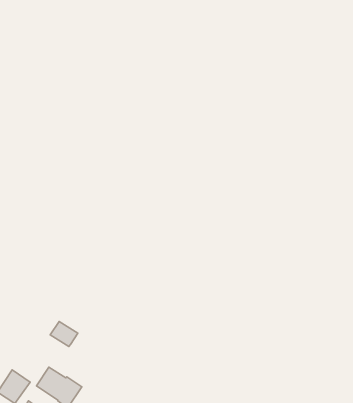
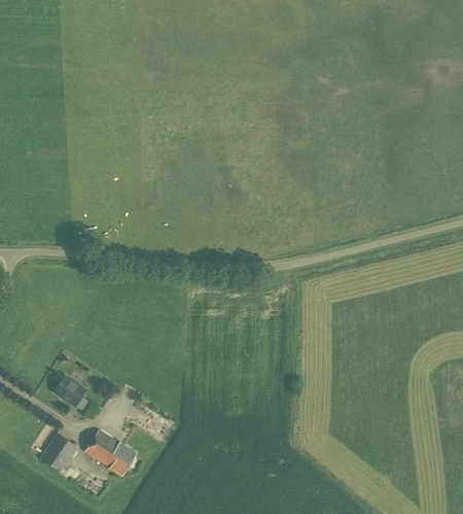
building: [50,321,78,346] -> [55,377,86,406]

